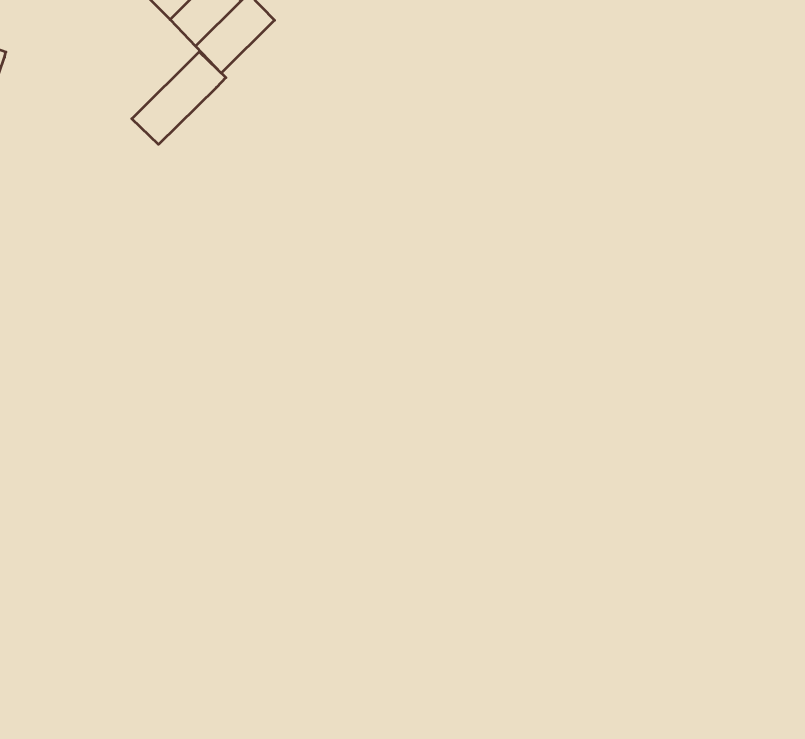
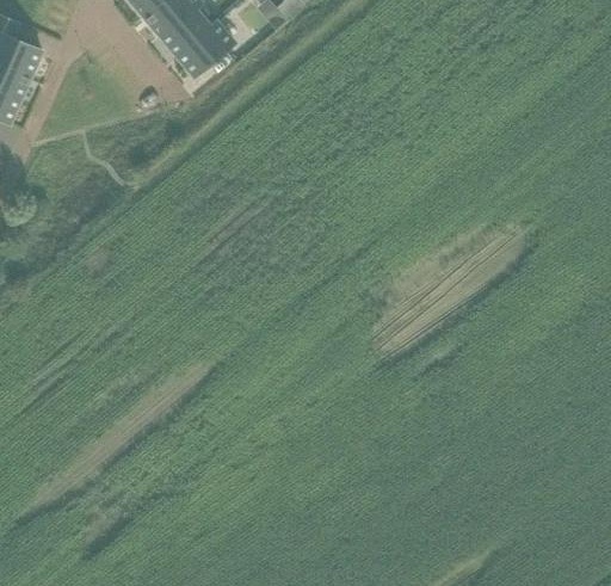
building: [132,52,226,144] -> none

